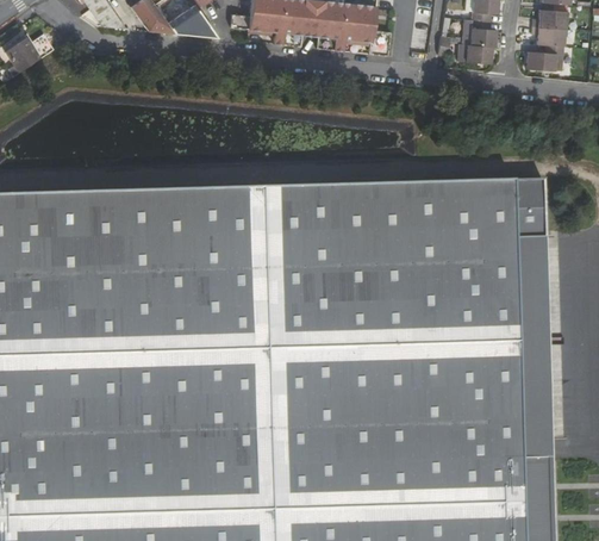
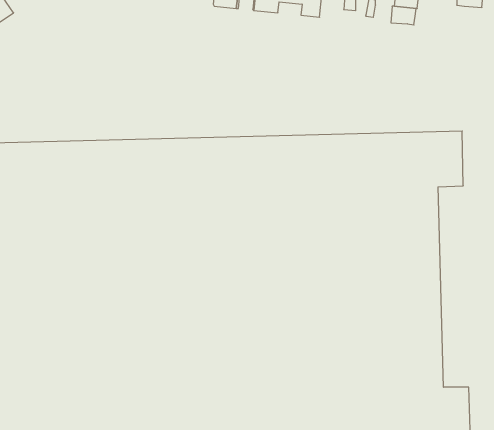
building: [525,51,556,70] -> none
building: [517,240,550,459] -> none

